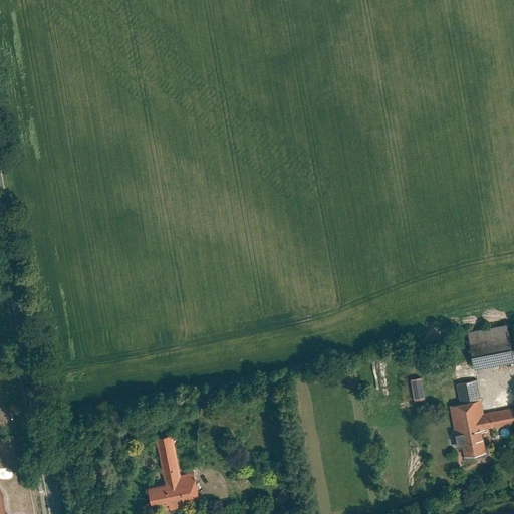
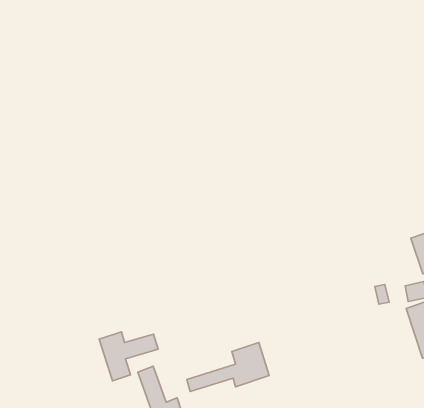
building: none -> [99,332,158,381]
building: none -> [187,343,269,391]

